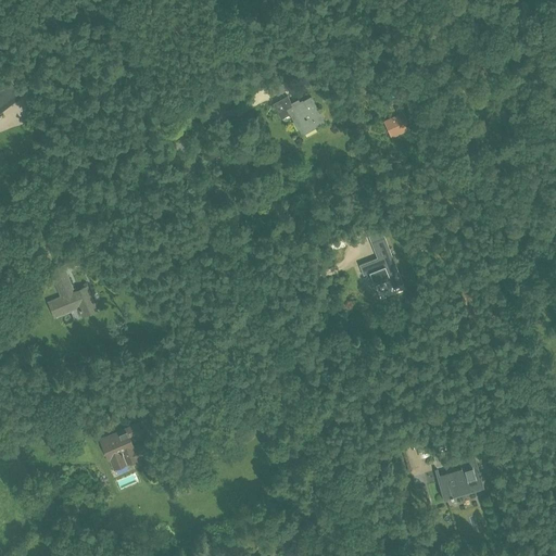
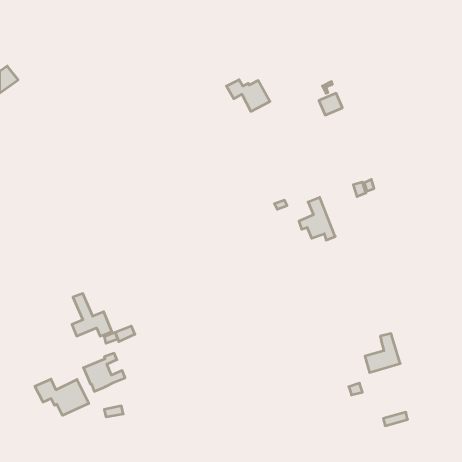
building: [48,266,96,317] -> [72,294,112,336]
building: [438,450,480,496] -> [365,334,400,372]
building: none -> [35,379,89,415]

